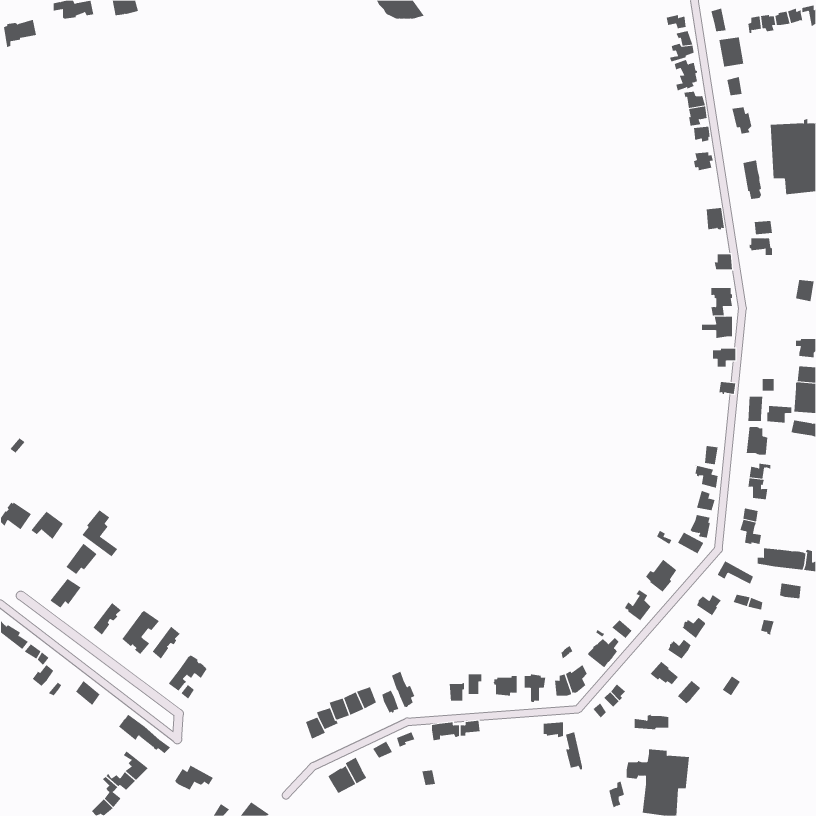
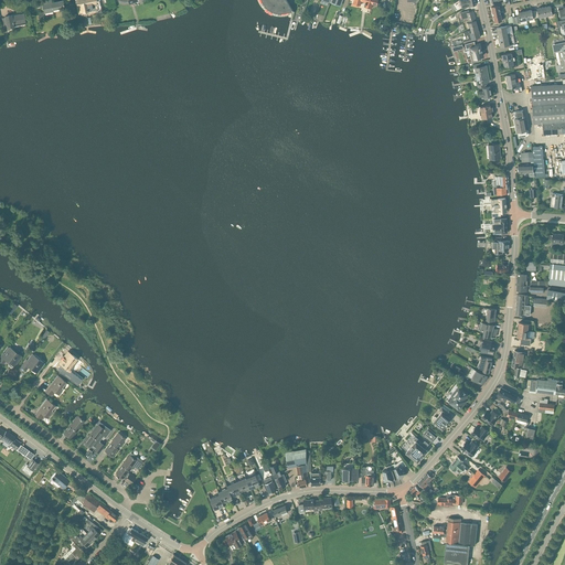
building: none -> [285,448,307,480]

